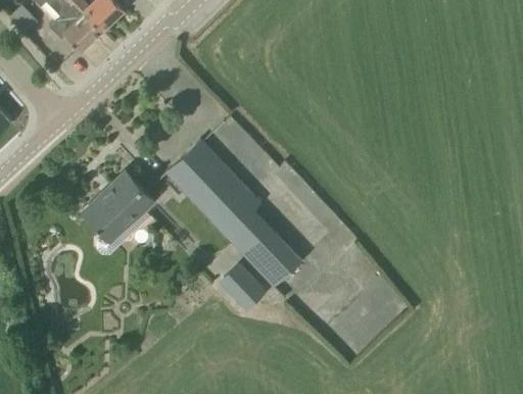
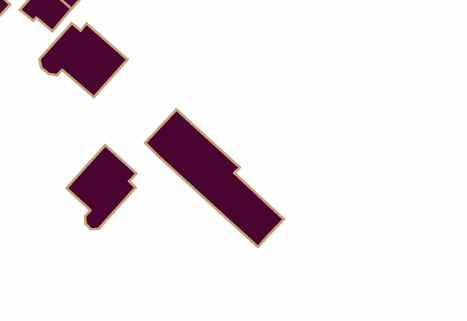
building: none -> [40,23,128,97]
building: [219,262,266,310] -> none

